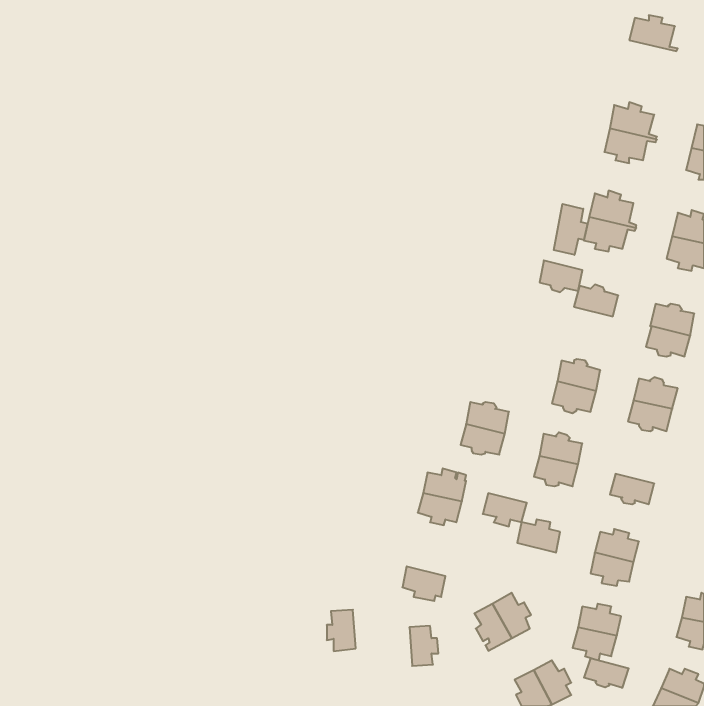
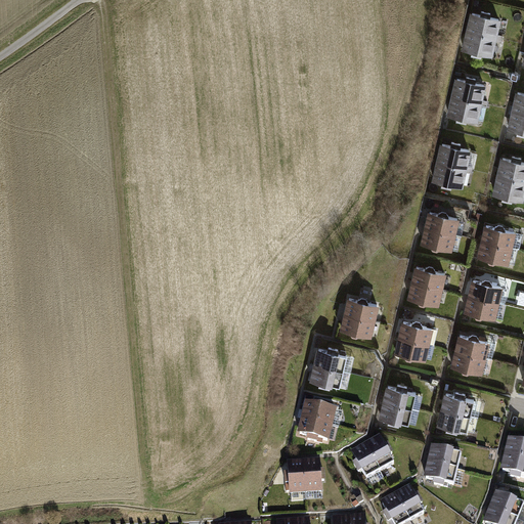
building: none -> [463,30,500,55]
building: [554,204,588,255] -> none
building: [540,260,582,292] -> [422,227,453,251]
building: none -> [455,335,488,358]
building: [483,493,527,526] -> [379,402,411,427]
building: none -> [301,402,334,427]
building: [327,610,356,651] -> [283,465,305,495]
building: [584,658,629,688] -> none

